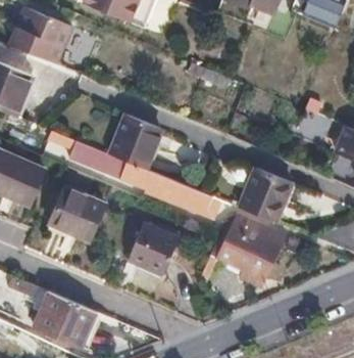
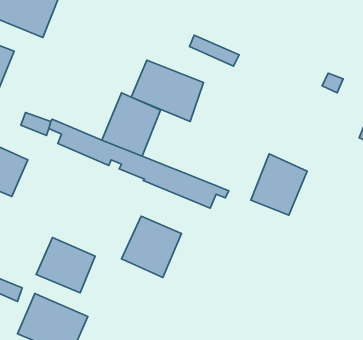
building: none -> [131,60,204,122]
building: [51,189,103,238] -> [36,238,95,293]
building: [214,214,285,281] -> none

